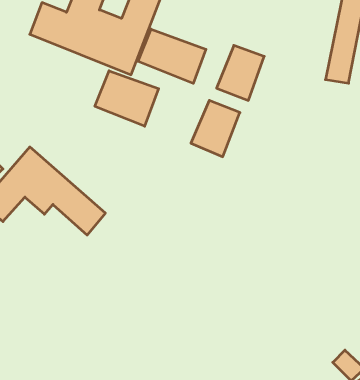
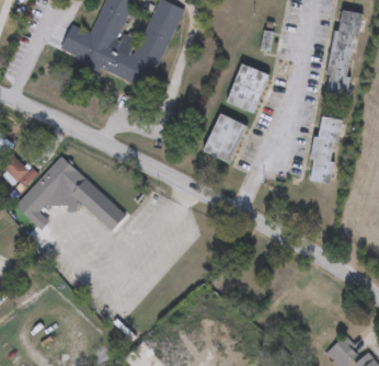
building: [138,29,206,83] -> none
building: [95,71,159,126] -> none
building: none -> [310,115,342,183]

